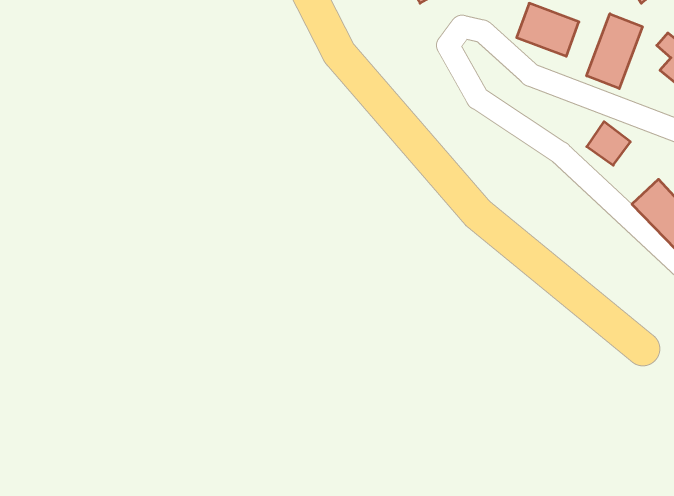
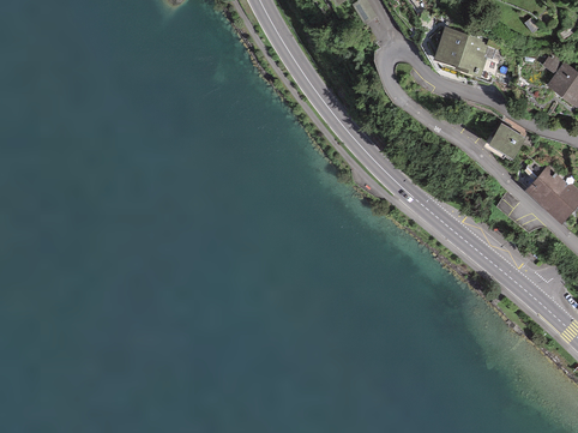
building: [587,14,642,89] -> none

